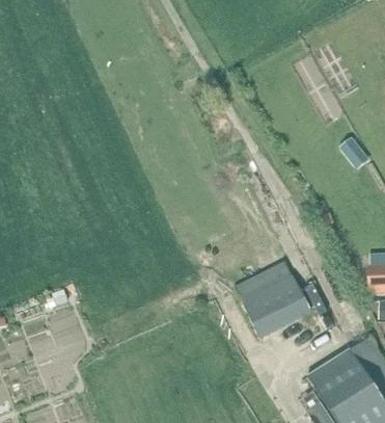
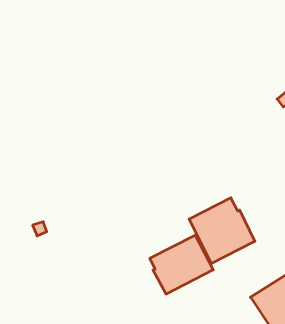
building: none -> [150,235,213,294]

